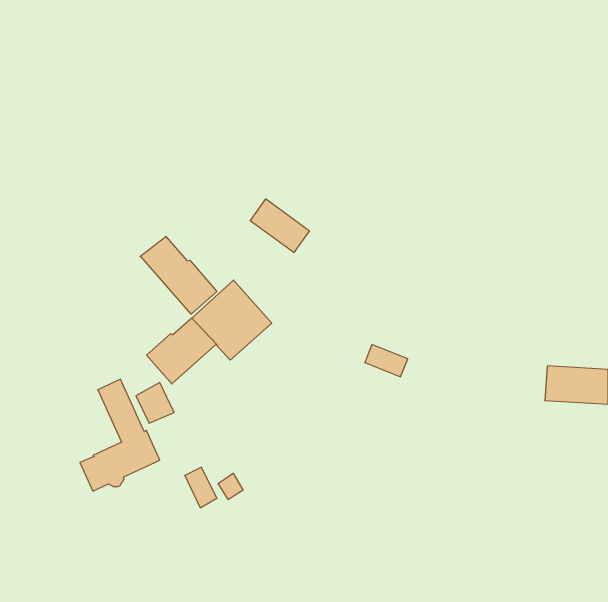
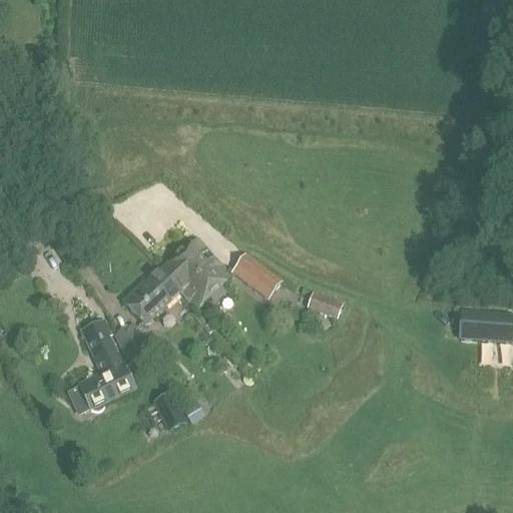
building: [250,199,310,253] -> [230,254,281,300]
building: [140,236,217,314] -> none

